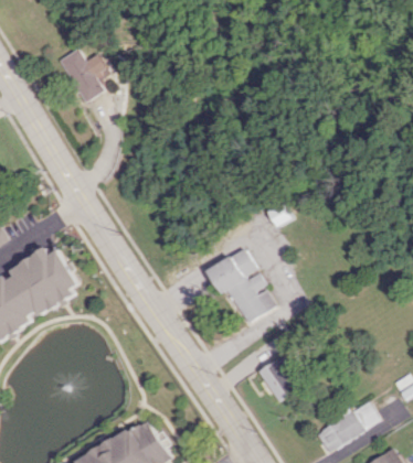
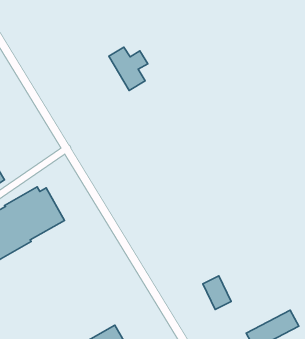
building: [57,49,106,103] -> [109,47,148,90]
building: [210,248,274,324] -> none

